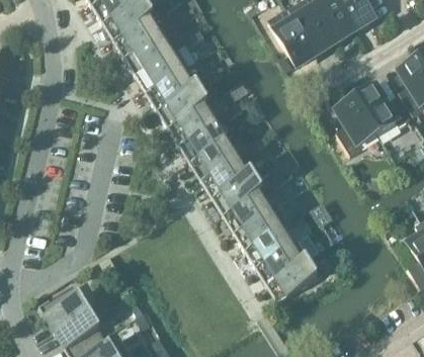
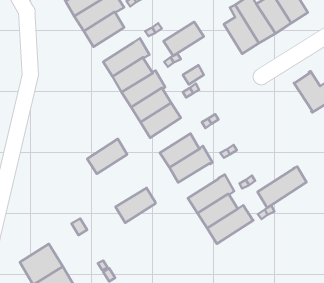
building: [124,33,171,73] -> [164,22,204,56]
building: [336,95,377,154] -> none
building: [190,138,237,178] -> [87,139,127,174]
building: [223,190,269,231] -> [115,188,156,223]
building: [267,254,324,301] -> [258,167,307,208]

